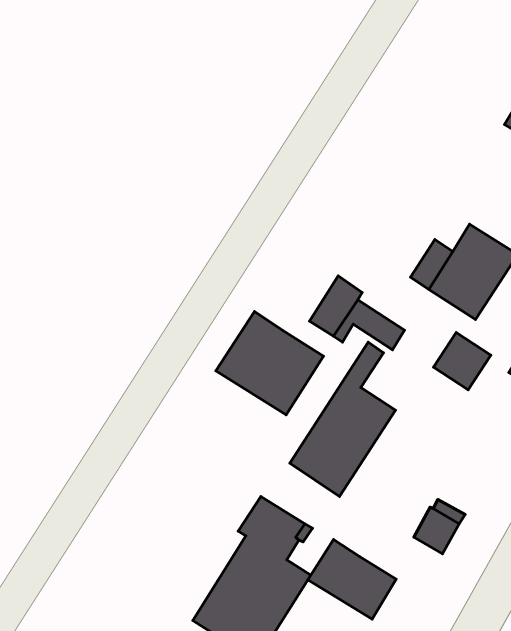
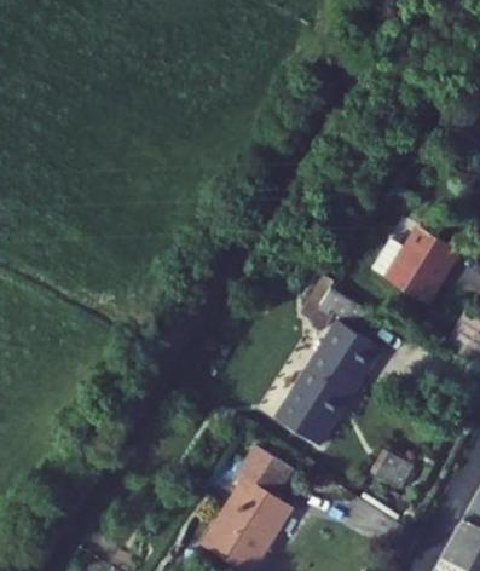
building: [216,312,323,415] -> none
building: [433,332,491,390] -> [334,328,380,374]
building: [308,540,396,619] -> none

